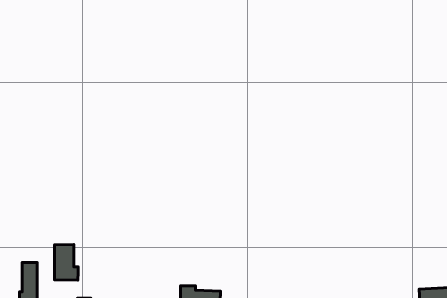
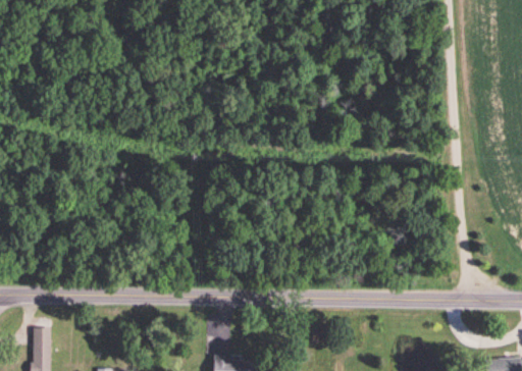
building: [54,245,78,280] -> none

